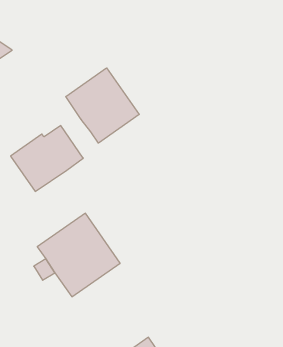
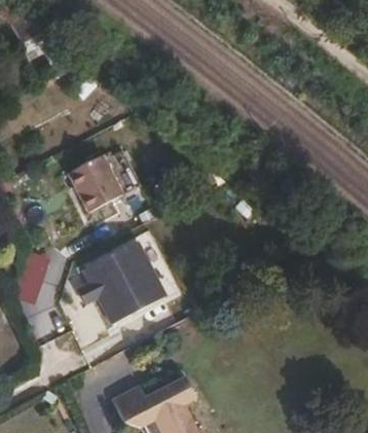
building: [66,68,139,143] -> none

